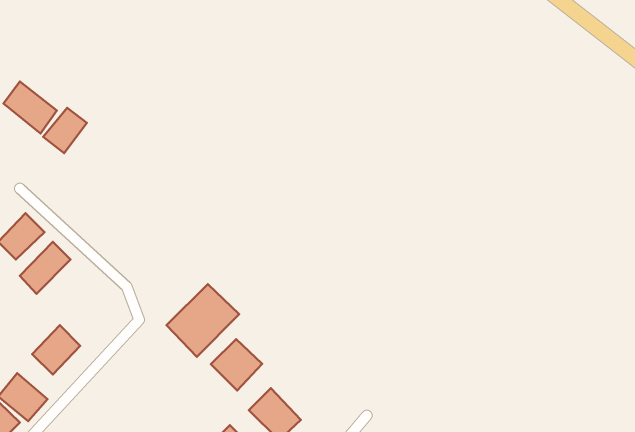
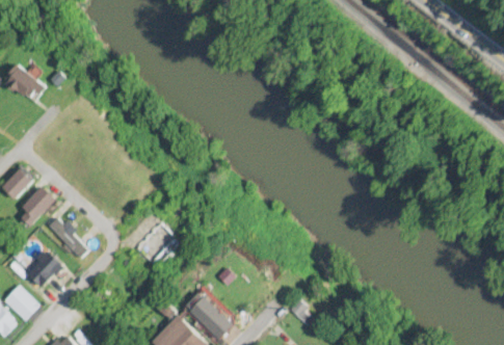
building: [43,108,87,153] -> none
building: none -> [47,213,90,257]
building: [211,339,262,390] -> none

